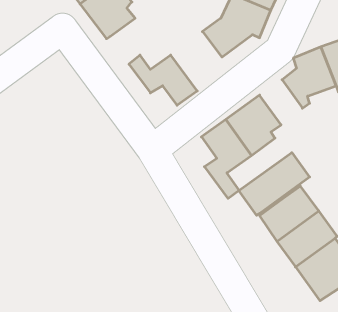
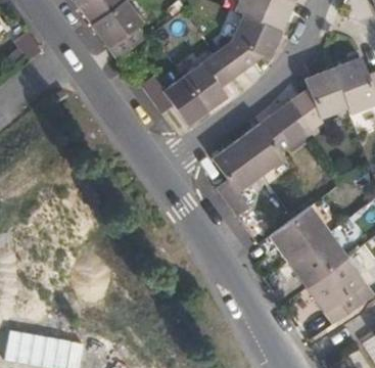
building: none -> [182,52,233,111]
building: none -> [271,100,314,145]
building: [239,153,310,215] -> none

